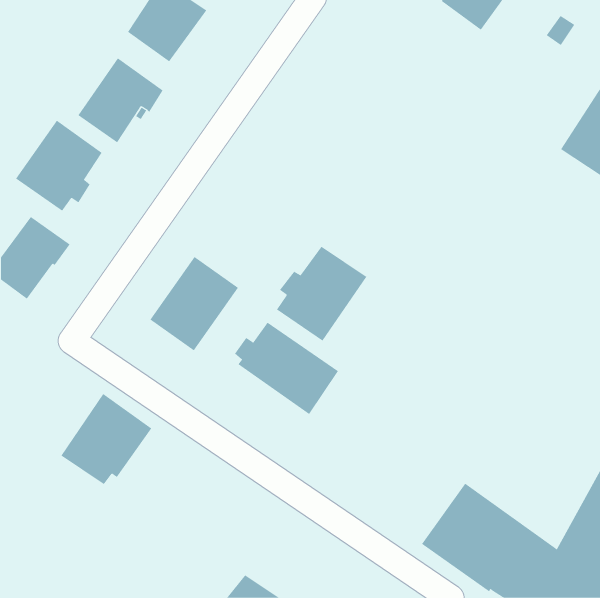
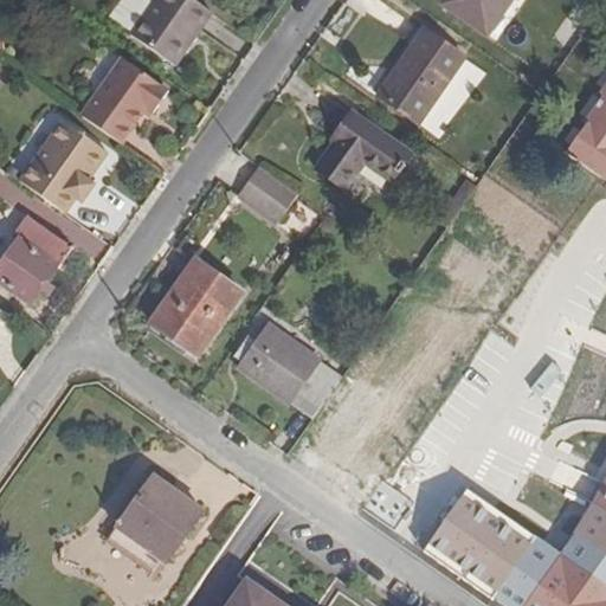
building: none -> [379,30,463,121]
building: none -> [321,115,411,187]
building: none -> [239,163,299,220]
building: [276,246,367,342] -> none
building: [61,393,152,485] -> [110,475,202,567]

